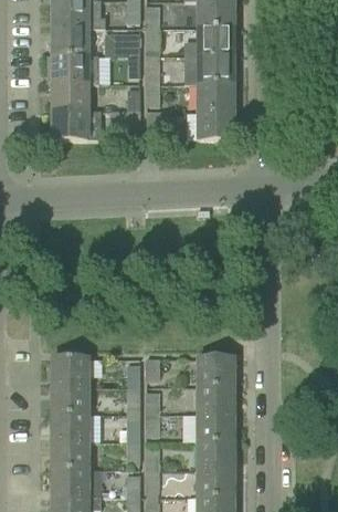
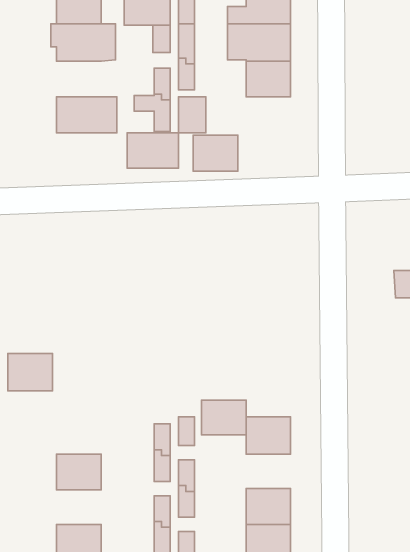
building: [52,83,86,111] -> none
building: [198,111,232,138] -> [193,135,238,171]
building: none -> [127,133,179,168]
building: [52,357,86,386] -> [8,354,52,391]
building: [198,386,232,412] -> [202,400,246,435]
building: [52,414,86,440] -> none

